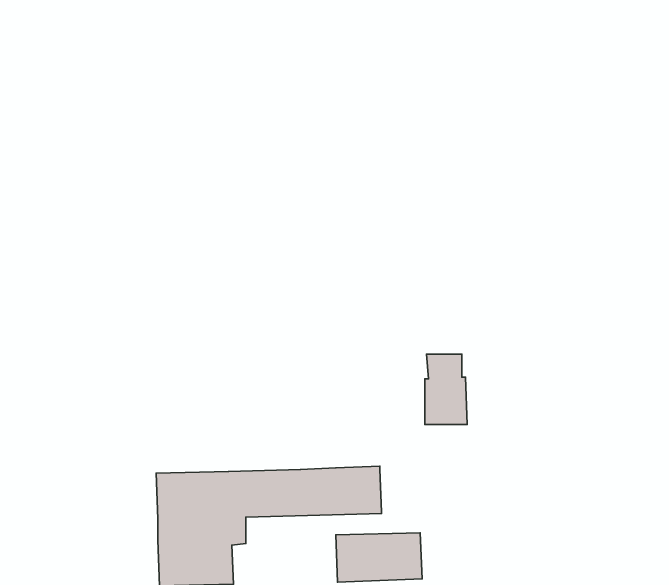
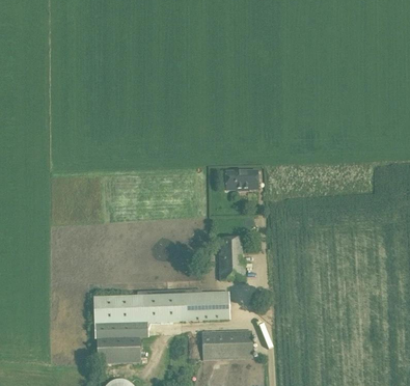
building: none -> [224,171,257,190]
building: [425,354,467,425] -> [219,238,244,279]

